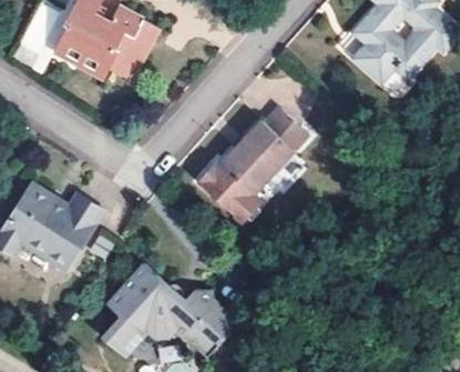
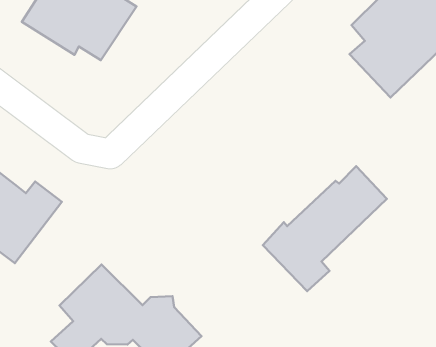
building: [197,108,307,224] -> [263,166,387,291]

